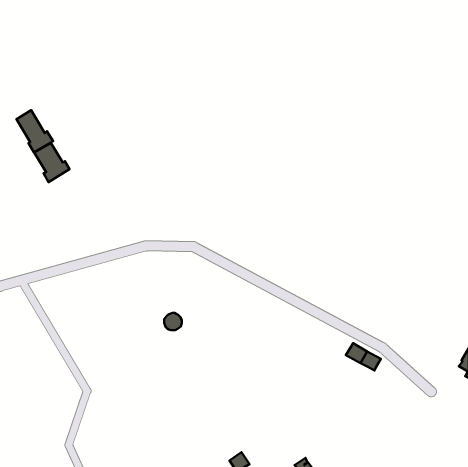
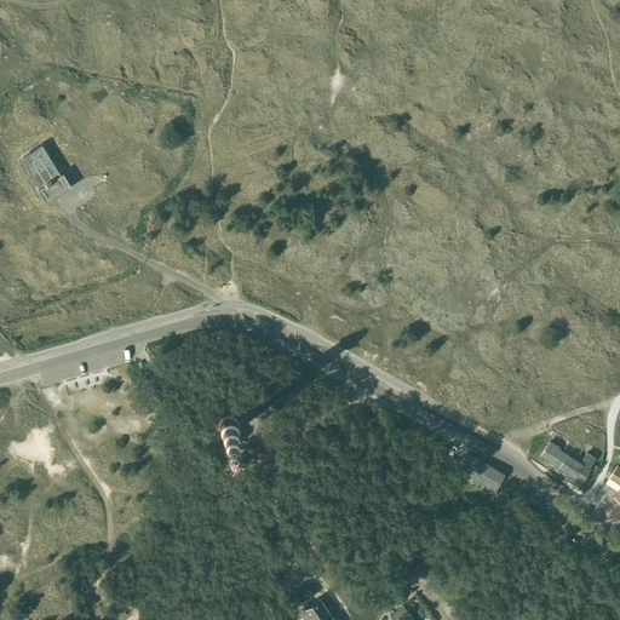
building: [34,143,69,182] -> none
building: none -> [541,444,596,483]

